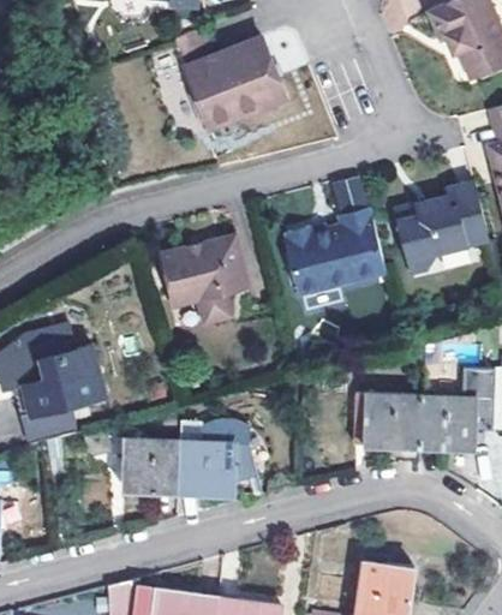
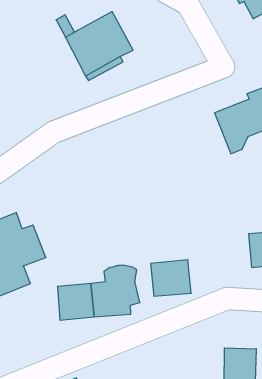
building: [282,207,386,294] -> none
building: [162,237,244,321] -> none
building: [364,394,422,446] -> [151,260,191,296]

